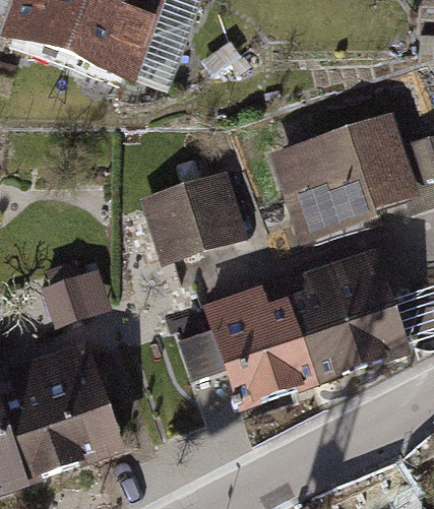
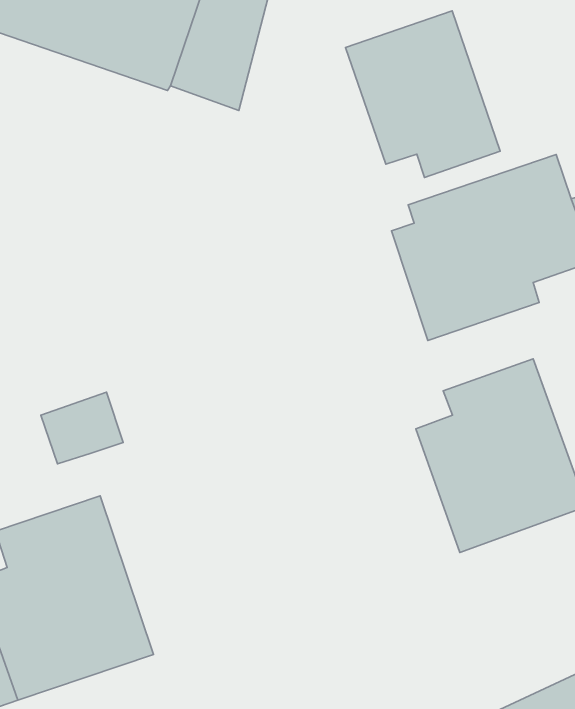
building: none -> [345,11,500,177]
building: [146,173,239,260] -> none
building: [171,291,324,413] -> none

